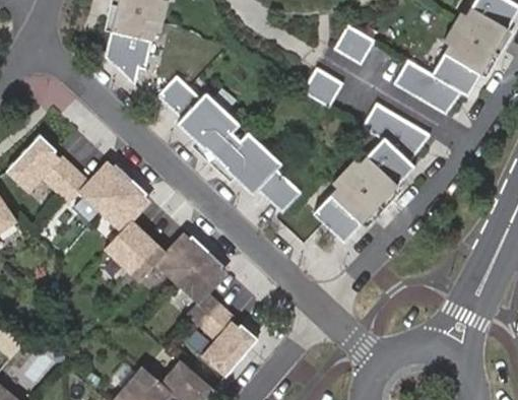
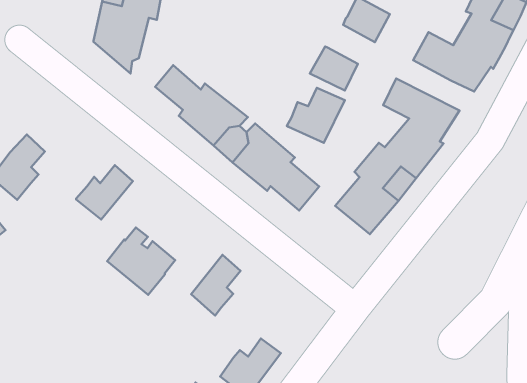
building: none -> [287,88,345,143]
building: [42,152,91,203] -> none
building: [103,179,148,231] -> none
building: [156,236,209,283] -> none
building: [185,296,234,342] -> none

